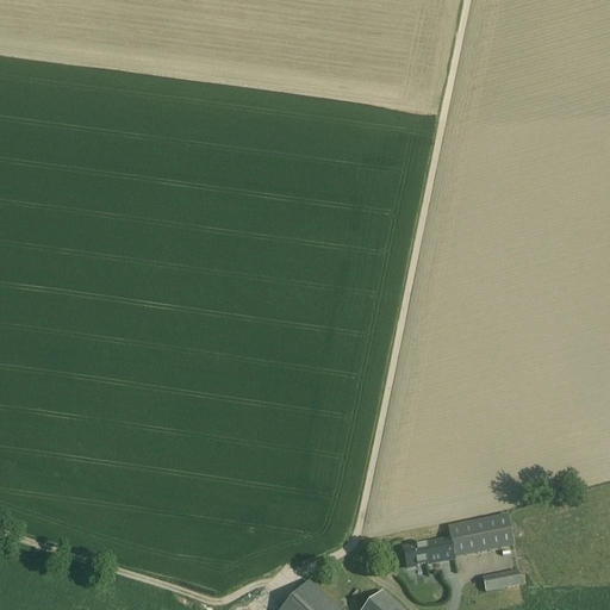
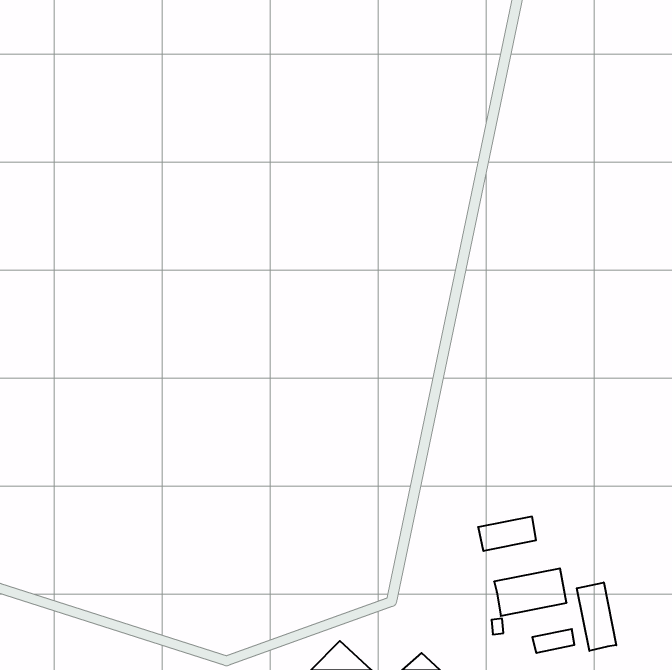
building: none -> [577,582,616,651]
building: [400,535,453,566] -> [478,517,536,551]

